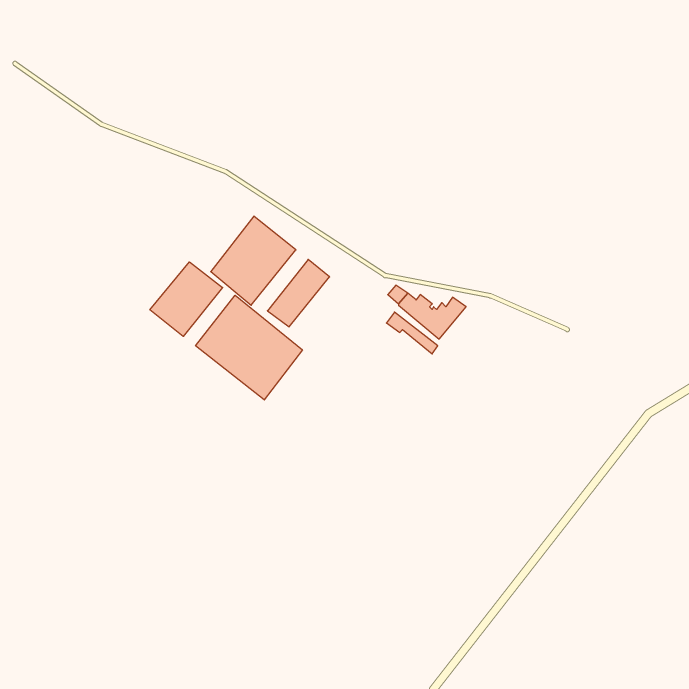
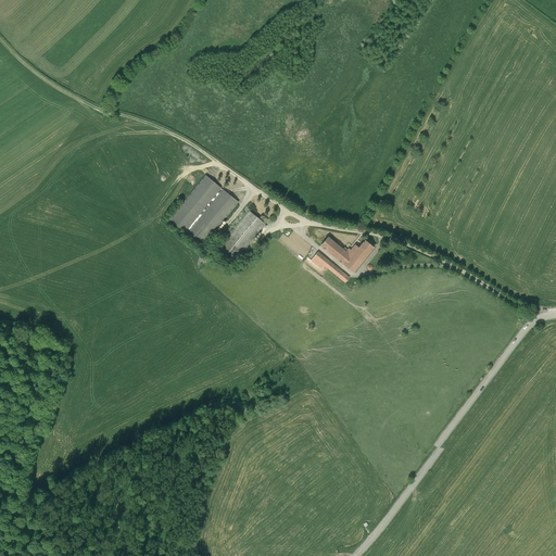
building: [150,262,223,336] -> none
building: [196,295,302,400] -> none

